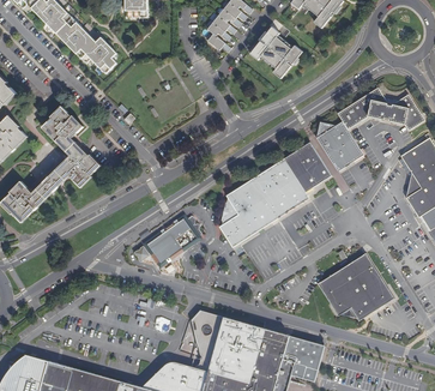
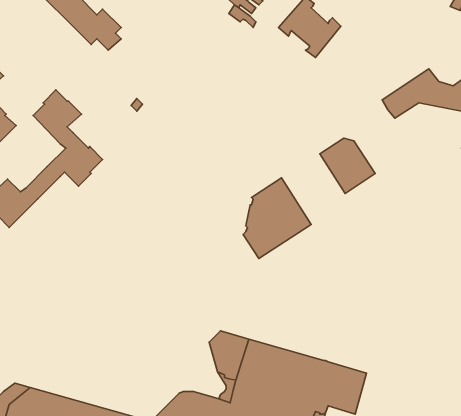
building: [315,122,363,173] -> none
building: [252,160,309,219] -> none
building: [135,216,201,266] -> none
building: [318,253,394,319] -> none

